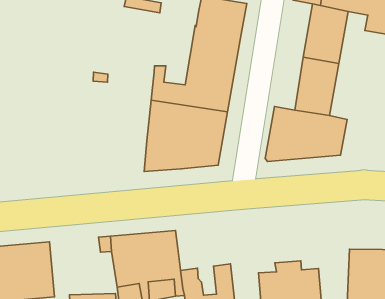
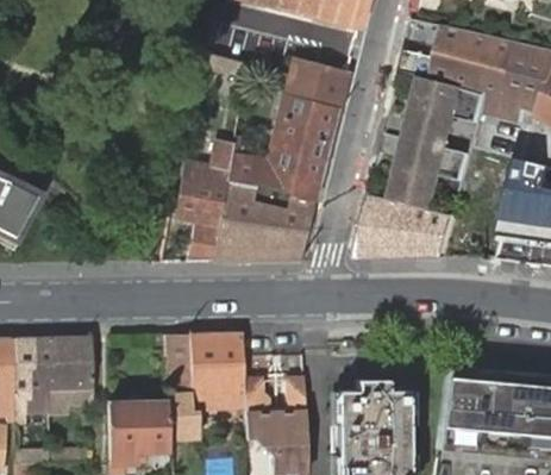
building: none -> [175,140,231,262]

